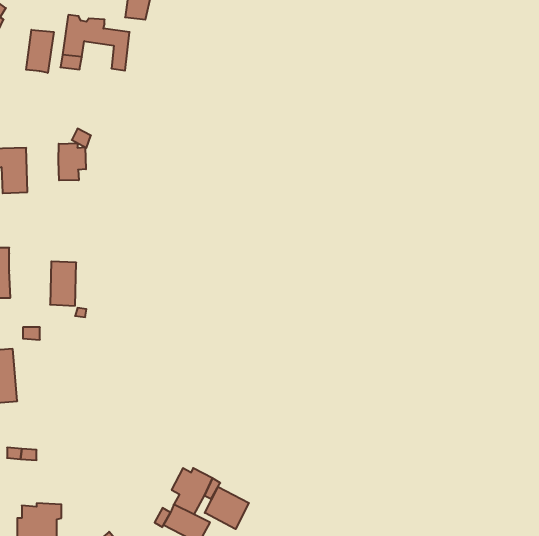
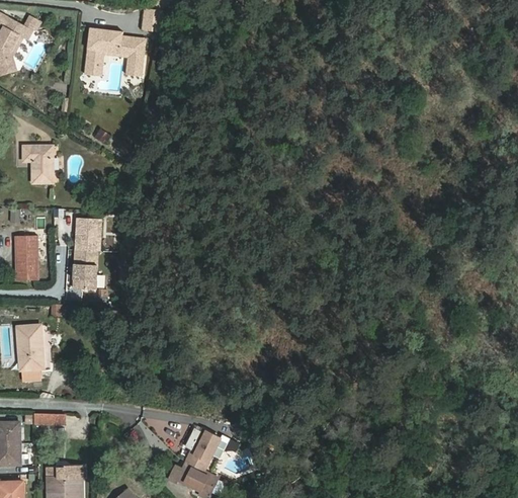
building: [26,30,54,73] -> none
building: [58,143,86,180] -> none
building: none -> [75,215,100,248]
building: [205,487,249,529] -> none

